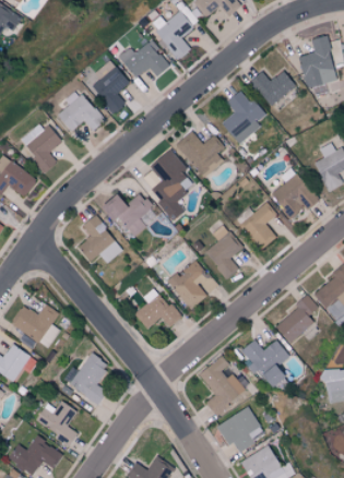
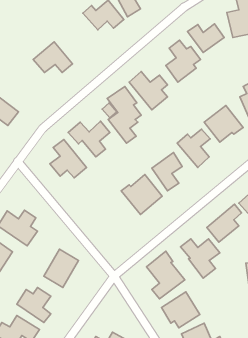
building: [91,60,129,113] -> none
building: [20,120,61,174] -> none
building: [134,287,180,328] -> none

